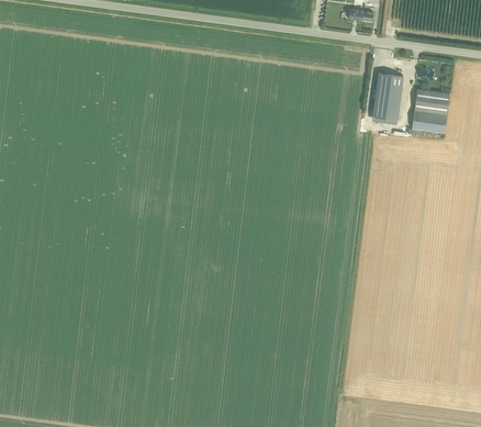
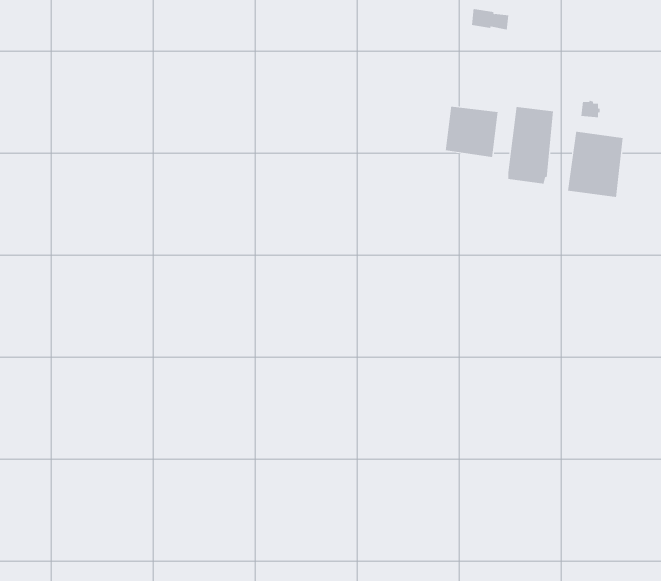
building: none -> [445,106,498,158]

